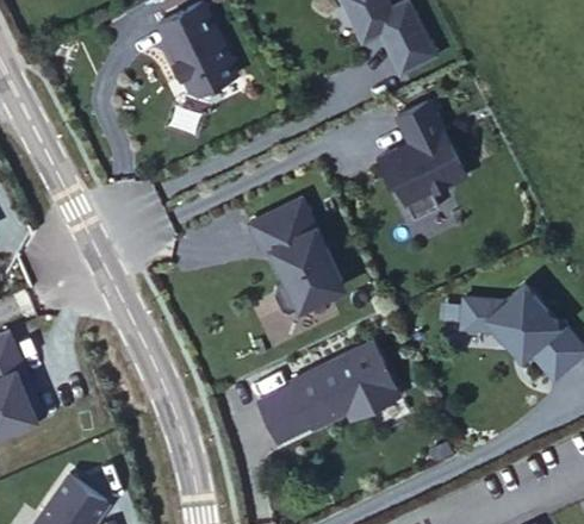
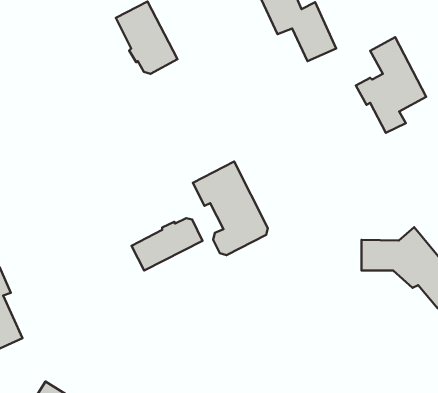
building: [373,99,460,217] -> [356,37,426,133]
building: none -> [131,218,202,271]
building: [259,342,399,444] -> none

